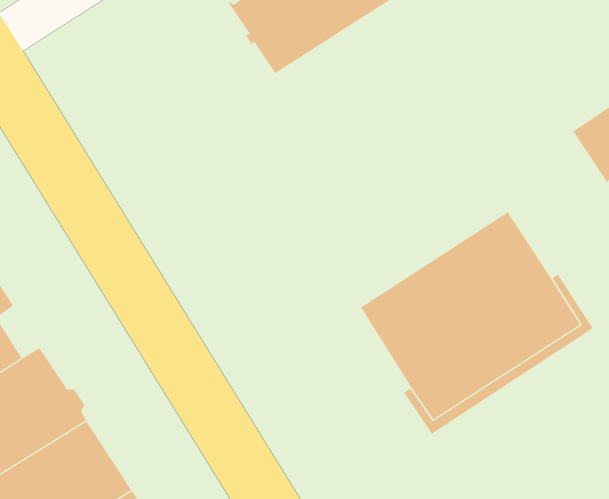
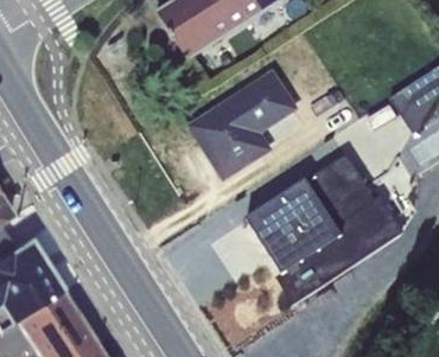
building: none -> [192,70,299,173]

